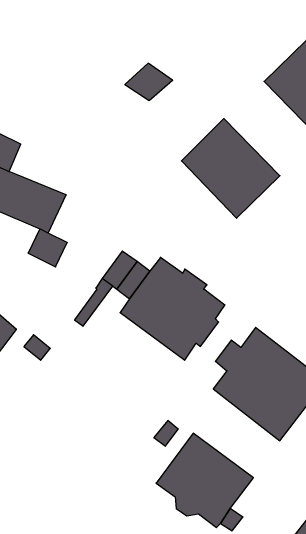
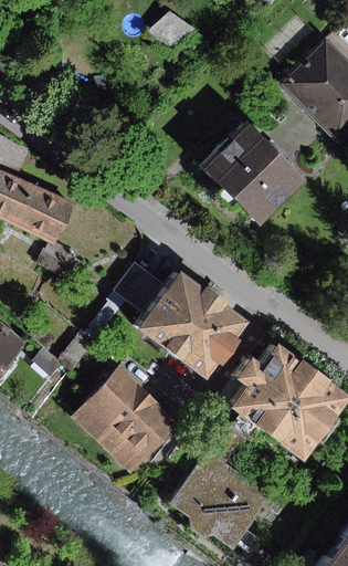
building: [125,63,173,100] -> [148,12,198,51]
building: none -> [77,369,180,471]

